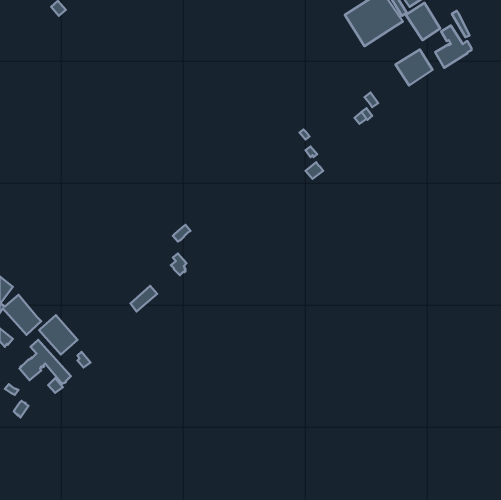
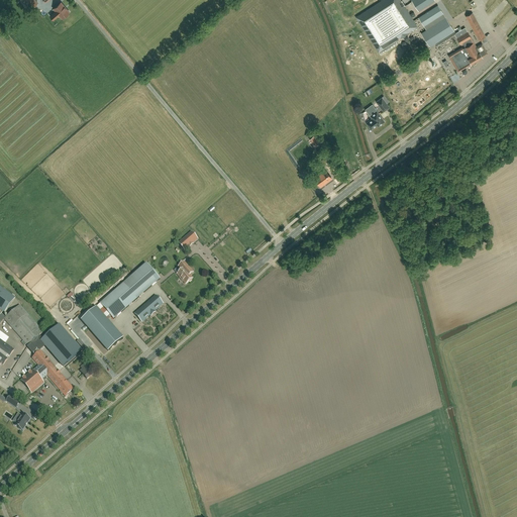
building: [396,49,432,86] -> none
building: none -> [99,262,159,318]
building: none -> [80,306,122,349]

